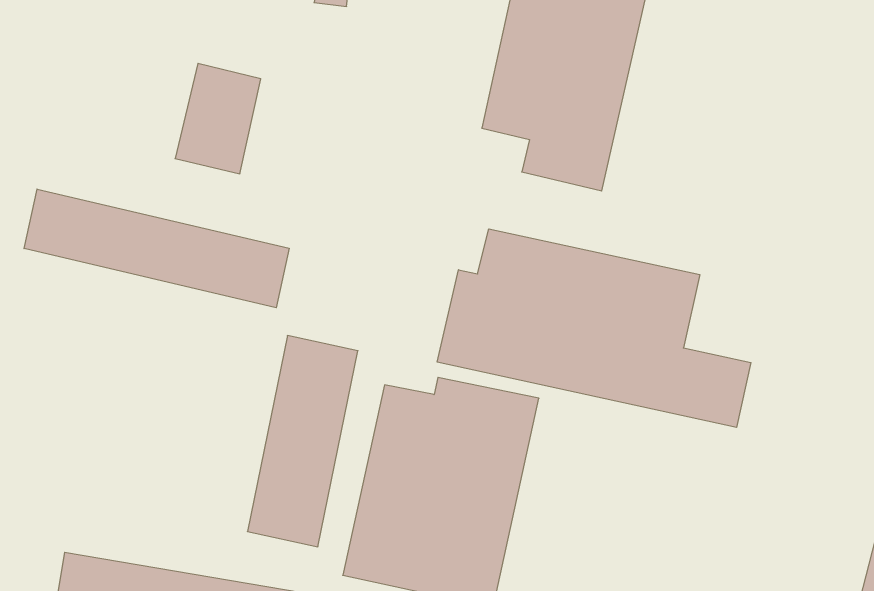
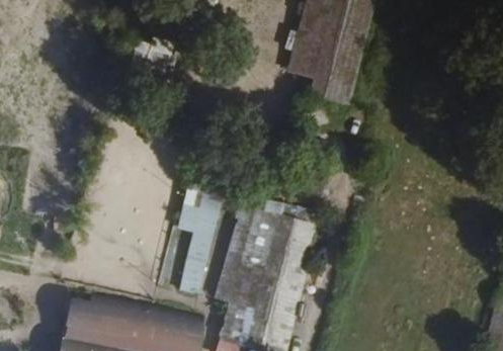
building: [24,189,289,308] -> none
building: [437,229,751,427] -> none

